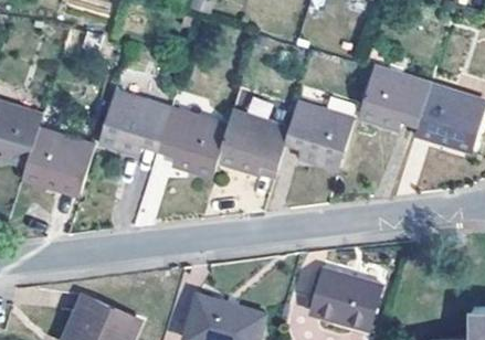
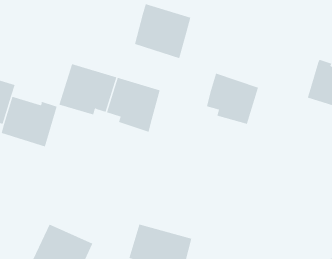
building: [355,71,428,134] -> none
building: [217,108,289,179] -> [134,4,191,59]
building: [313,267,381,329] -> none

